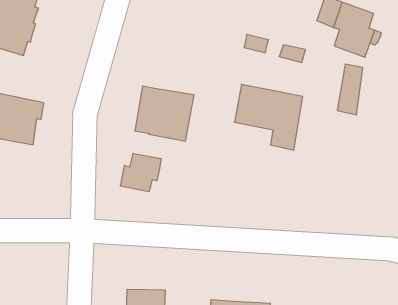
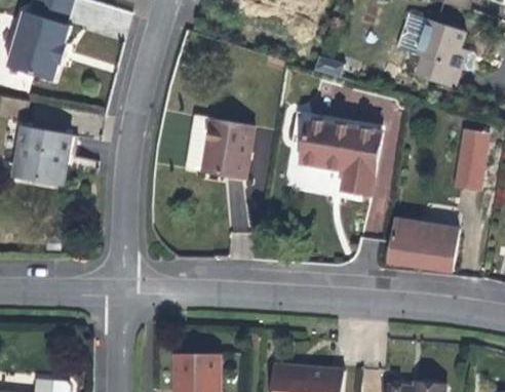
building: [337,64,363,115] -> [456,128,485,188]
building: [120,153,161,192] -> none
building: none -> [388,219,459,271]

